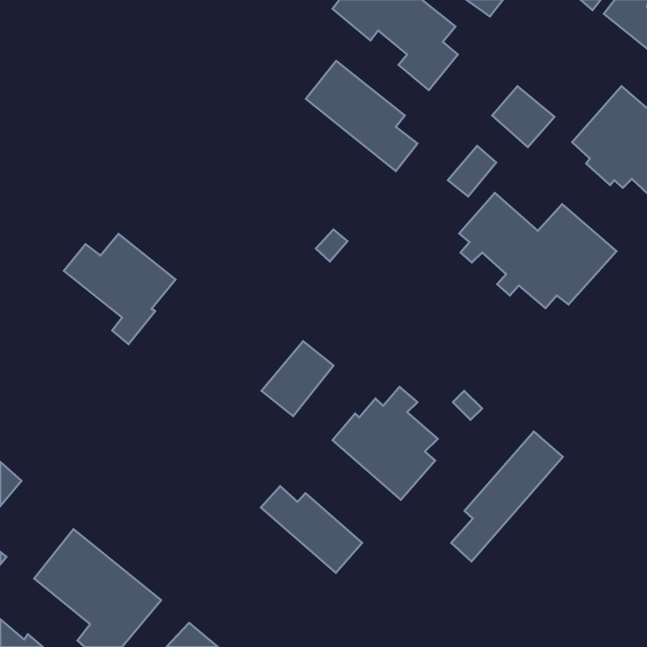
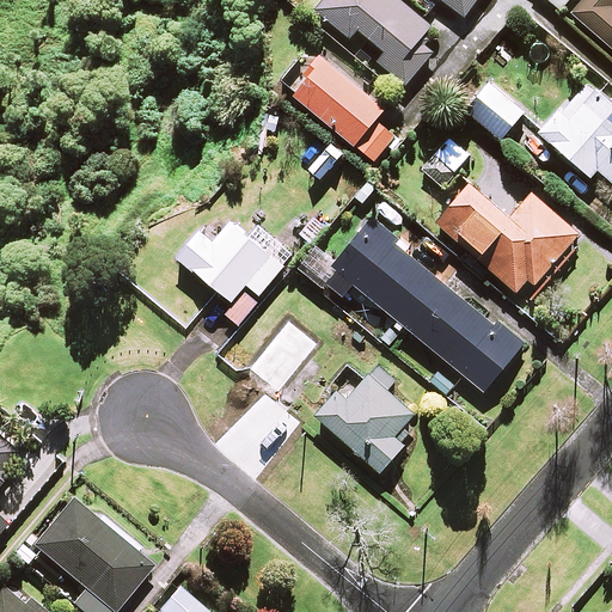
building: none -> [324,216,519,391]
building: [64,234,175,344] -> [177,222,282,326]
building: [451,431,563,562] -> none
building: [261,486,362,573] -> none

